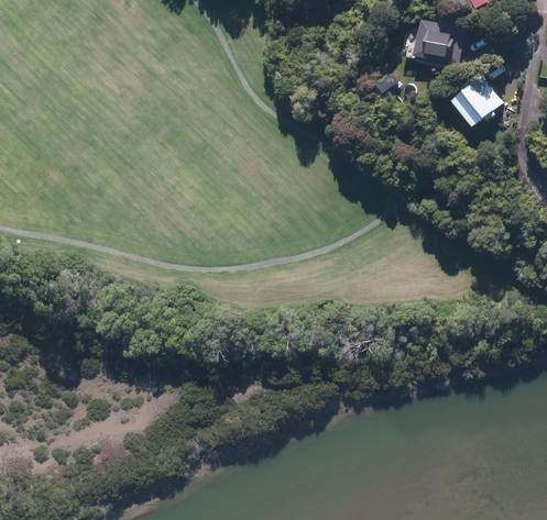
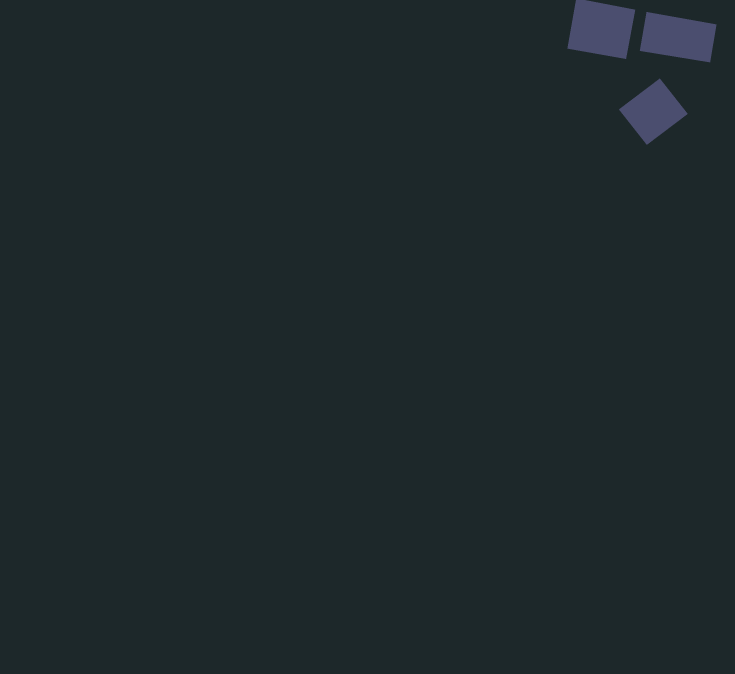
building: none -> [639,11,717,63]

